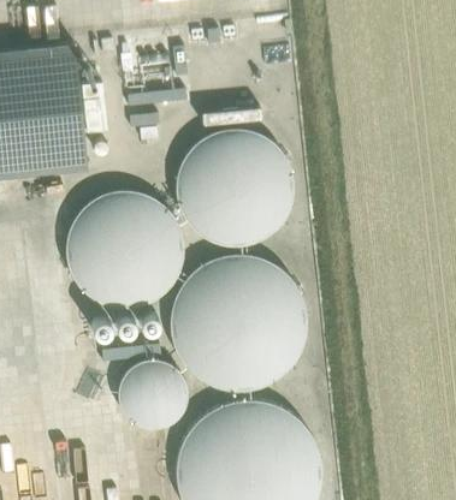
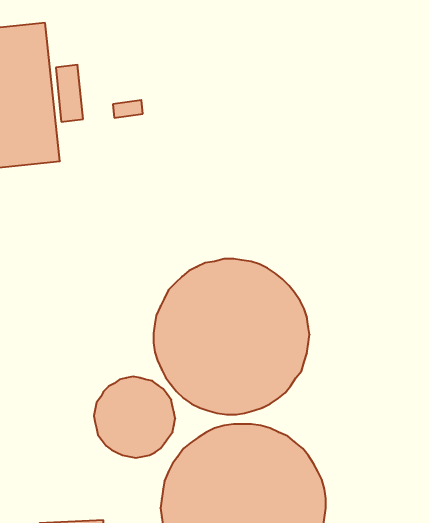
building: [176,129,294,246] -> none
building: [65,190,183,308] -> none

